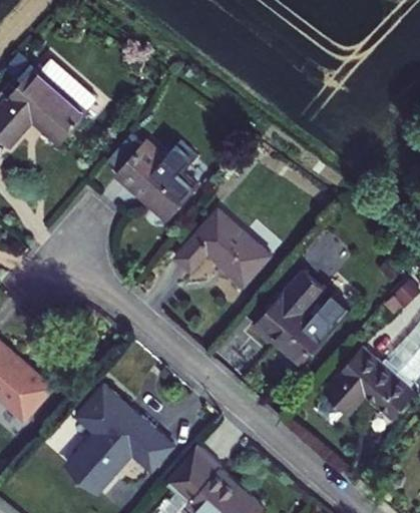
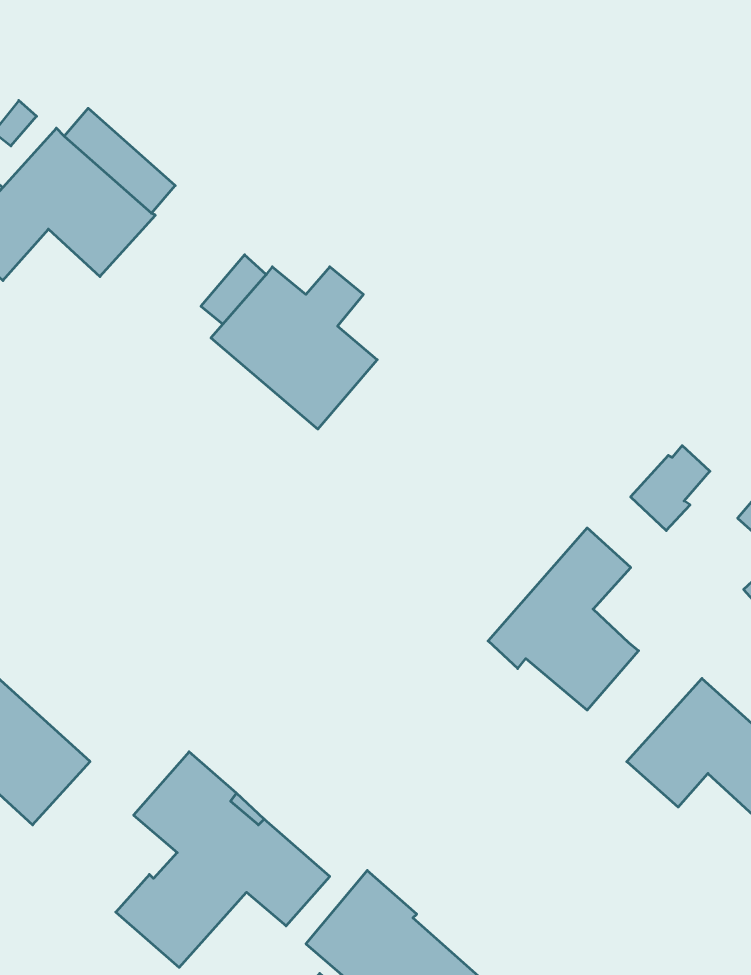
building: [176,210,272,286] -> none
building: [308,287,348,330] -> [631,446,710,531]

